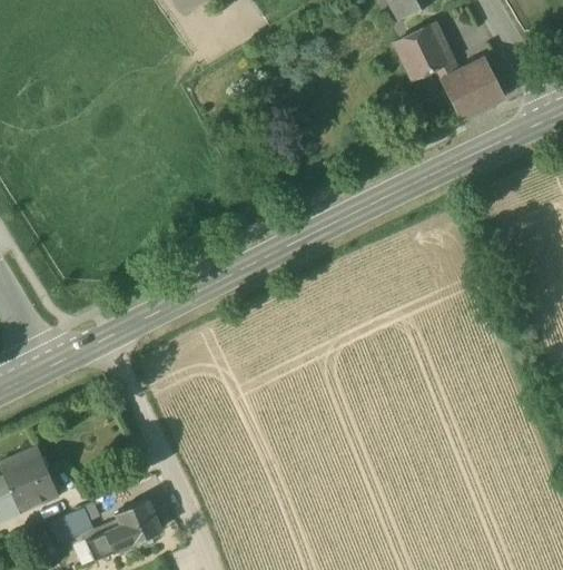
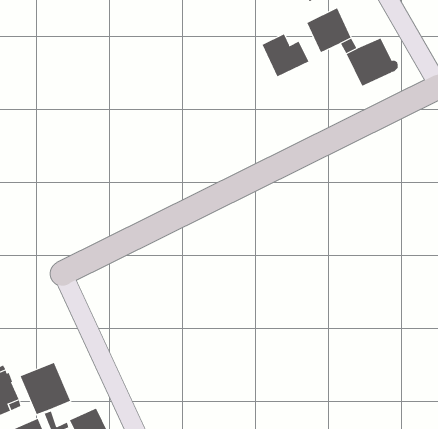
building: none -> [262,33,309,77]
building: none -> [20,362,71,415]

